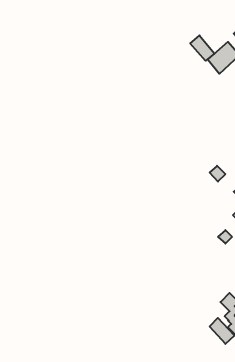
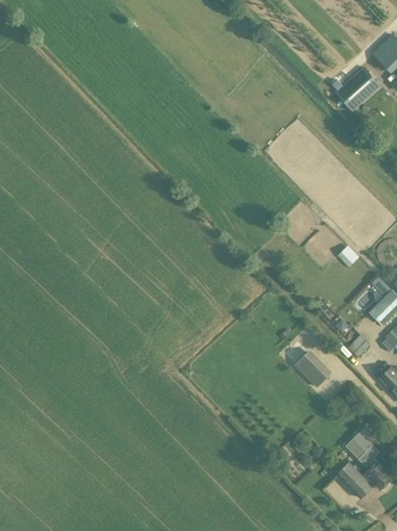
building: [190,35,215,61] -> none
building: none -> [293,350,328,385]

